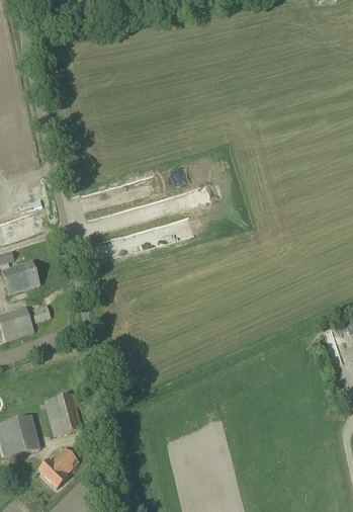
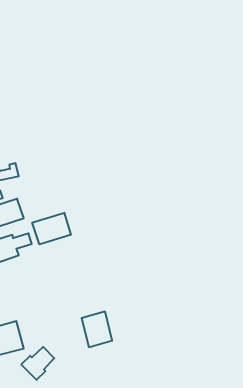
building: none -> [32,213,71,244]
building: [45,392,83,436] -> [82,312,112,347]

